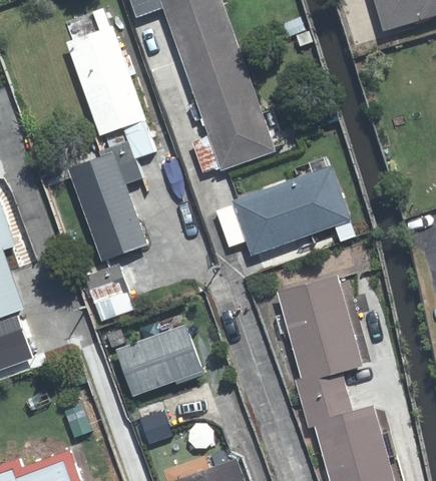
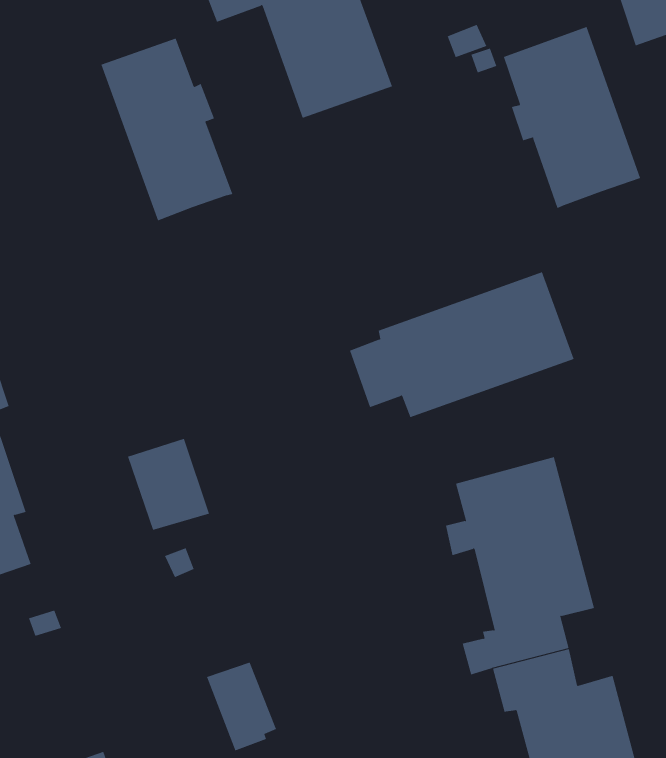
building: none -> [503,26,641,209]
building: [187,55,276,172] -> none
building: [69,120,154,262] -> none
building: [117,325,217,396] -> none

